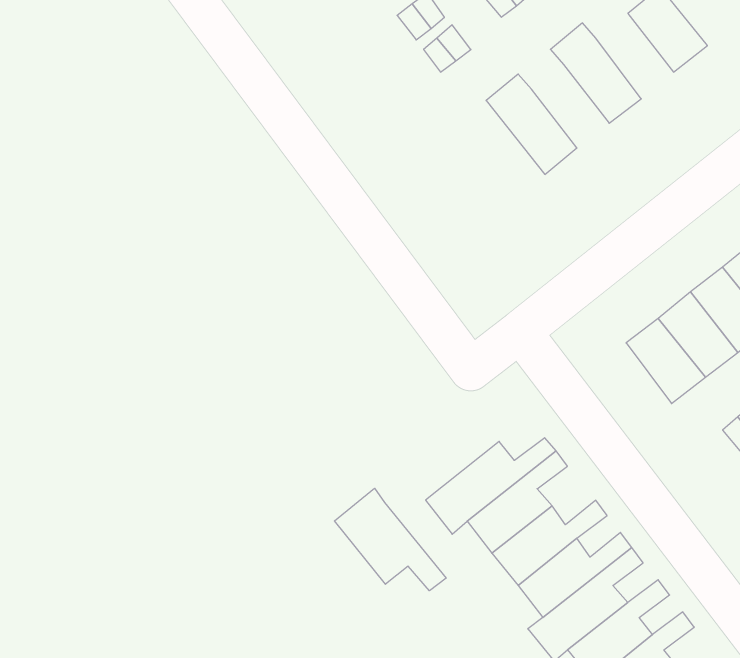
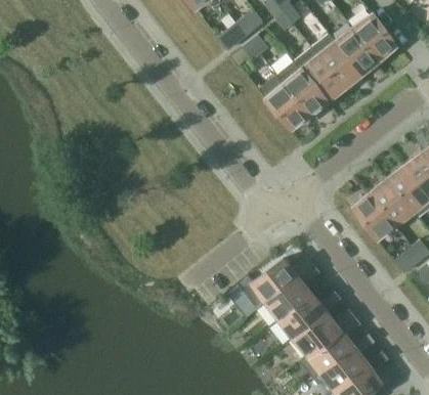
building: none -> [337,29,379,75]
building: none -> [295,48,344,101]
building: none -> [260,76,309,130]
building: [334,488,446,591] -> none

